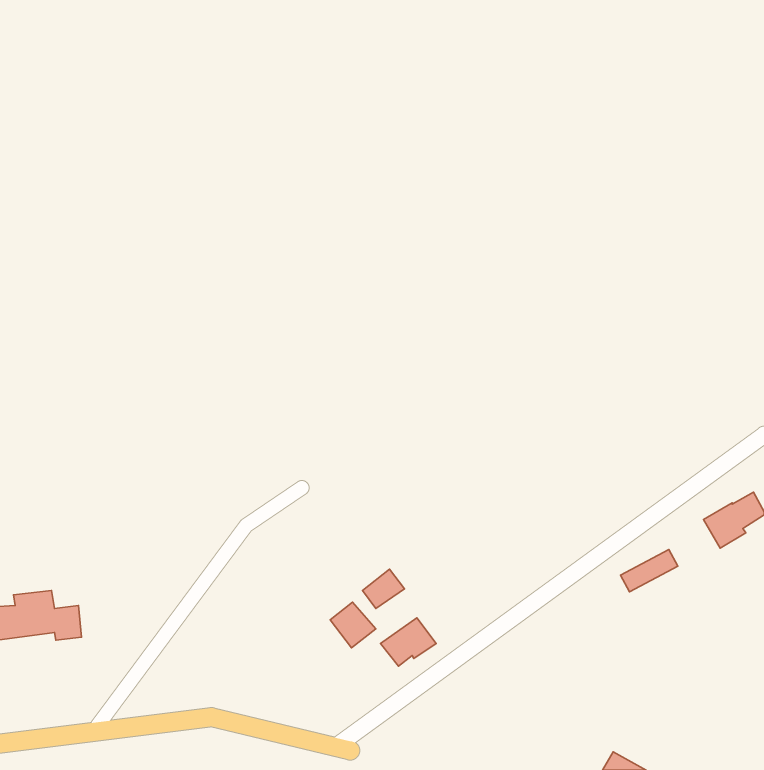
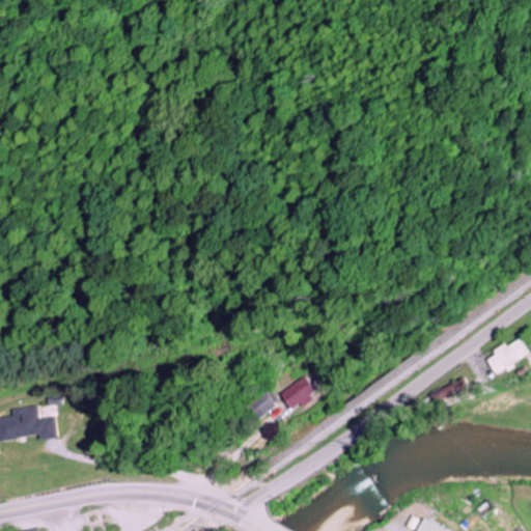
building: [330,602,376,648] -> none
building: [380,618,436,666] -> [278,375,316,409]

